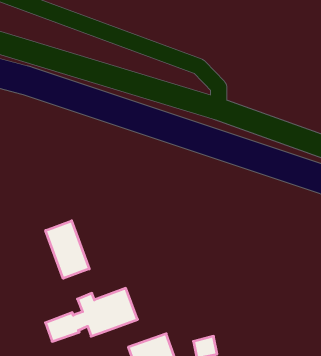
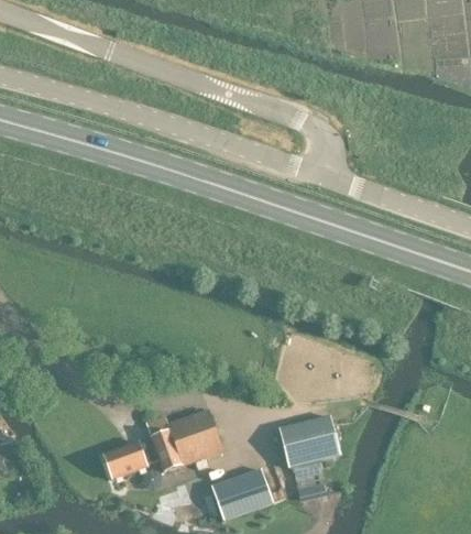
building: [46,221,89,278] -> none
building: none -> [278,414,339,466]

